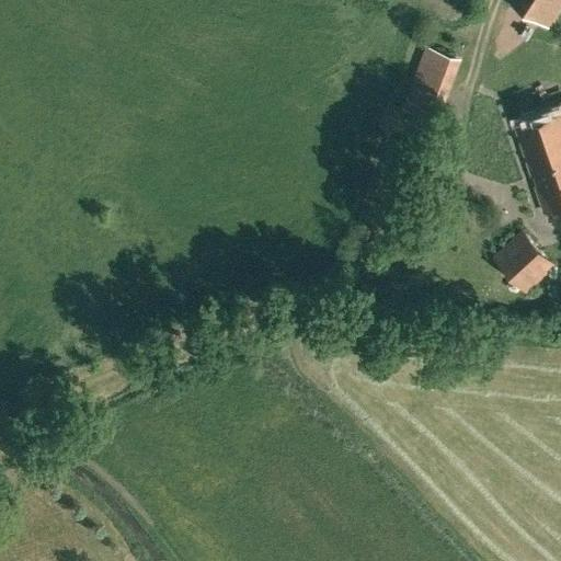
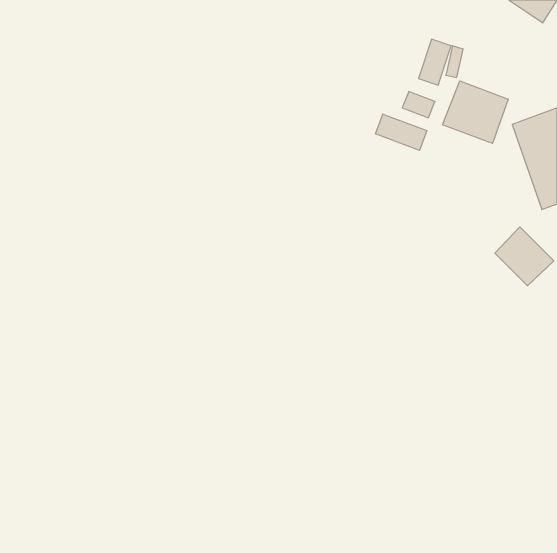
building: none -> [443,81,508,143]
building: none -> [375,114,427,150]

